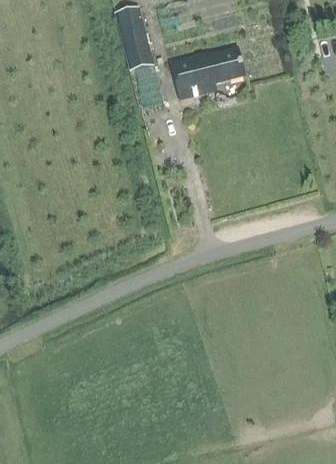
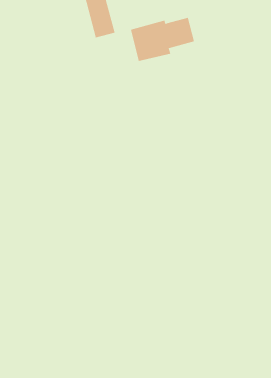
building: [137,63,169,106] -> none

